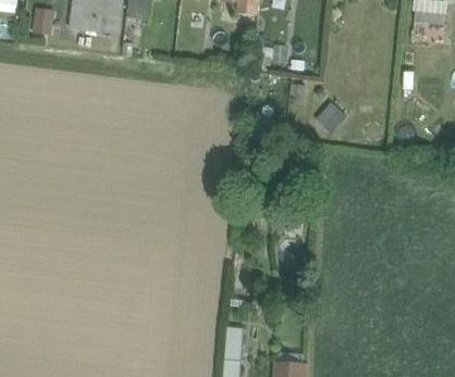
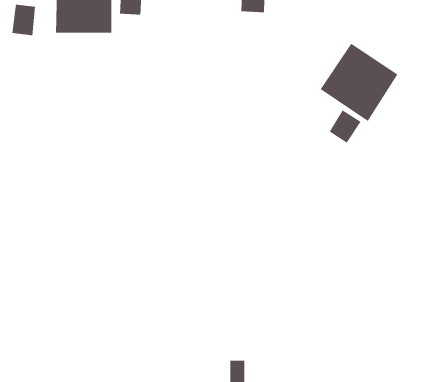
building: none -> [320,43,398,122]

